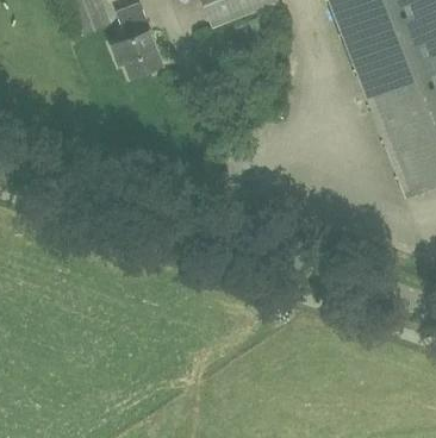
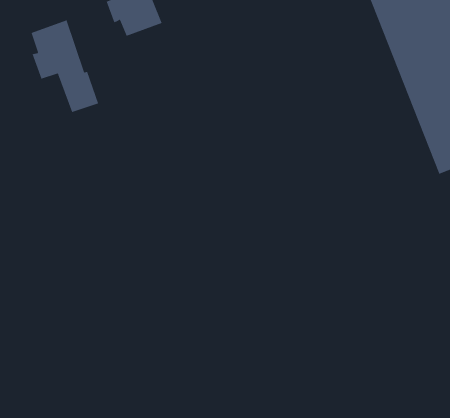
building: none -> [31,19,99,113]

